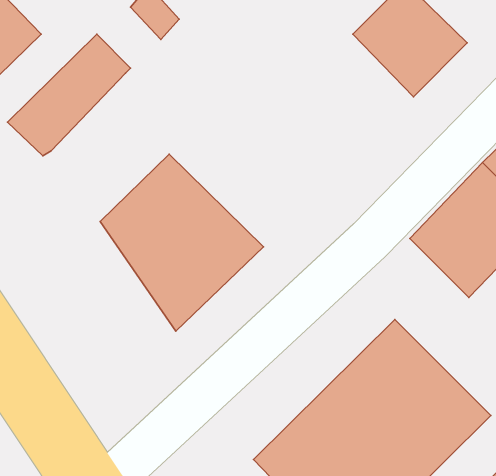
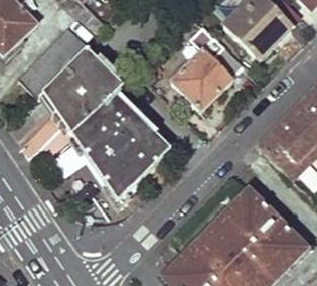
building: none -> [170,40,243,105]
building: none -> [43,45,124,134]

